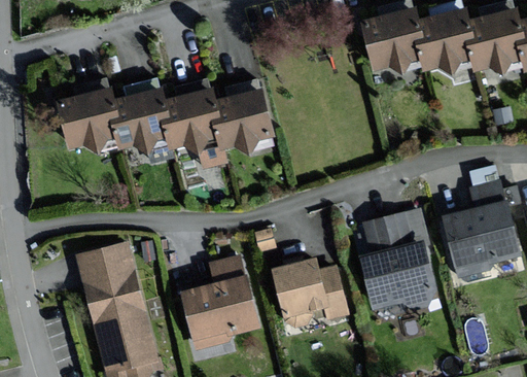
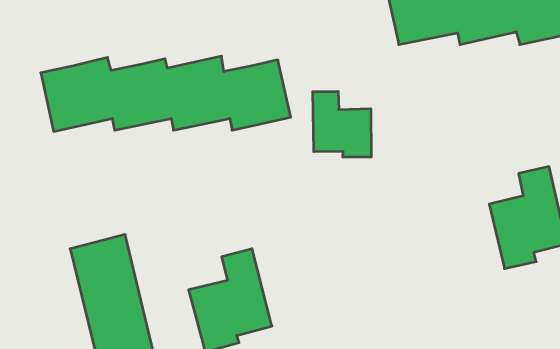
building: none -> [313,91,371,157]
building: [365,211,433,302] -> none
building: [276,259,345,322] -> none

